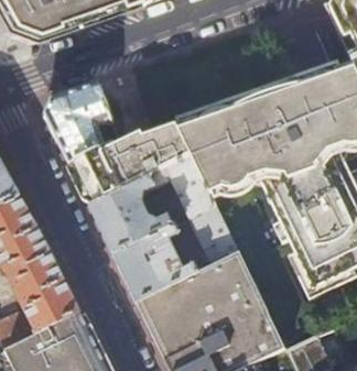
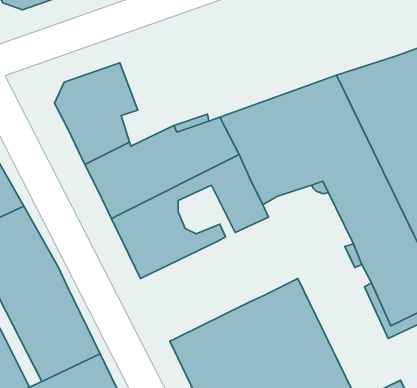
building: [187,203,237,264] -> none
building: [112,221,198,301] -> none

